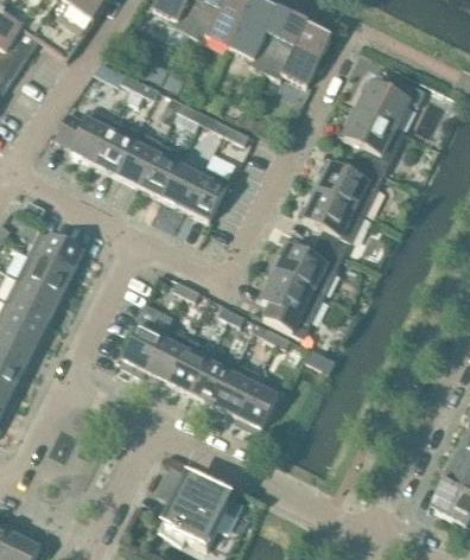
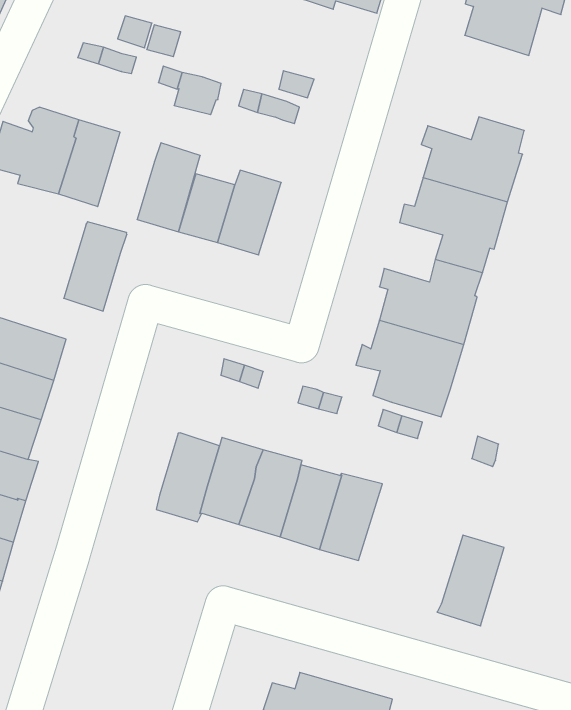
building: [337,108,393,172] -> none
building: [115,129,160,185] -> [64,222,127,311]
building: [233,376,280,433] -> [437,535,504,626]

